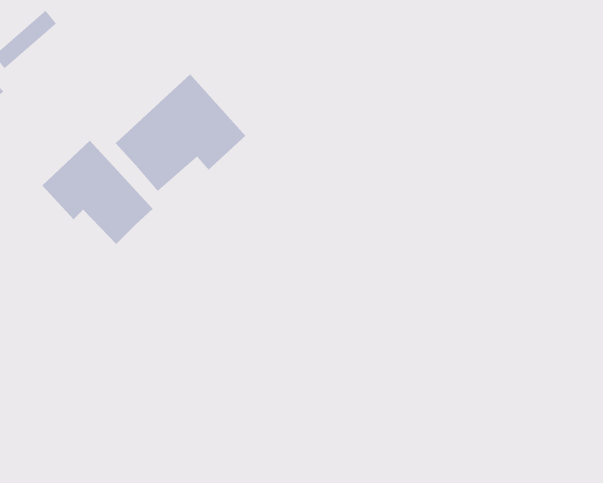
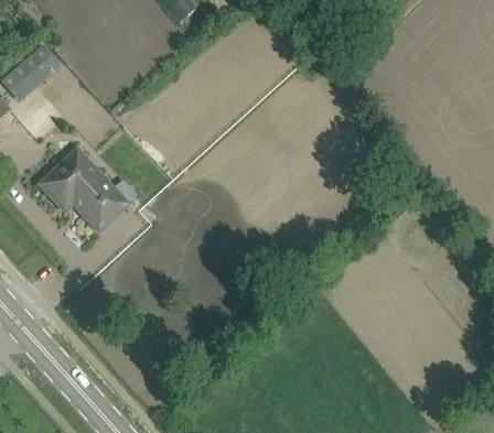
building: [115,74,246,192] -> none

